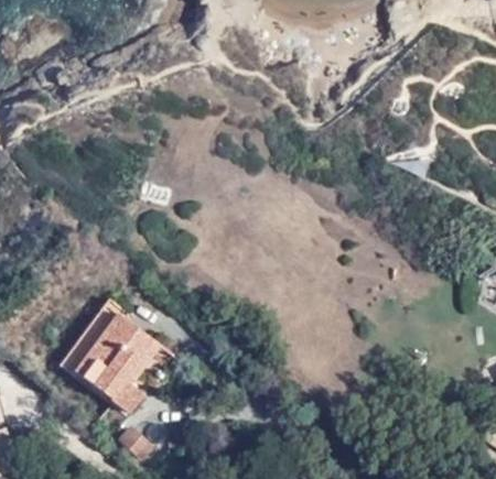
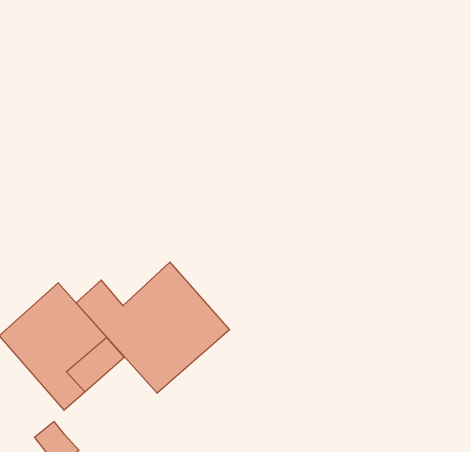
building: none -> [76,262,230,393]

